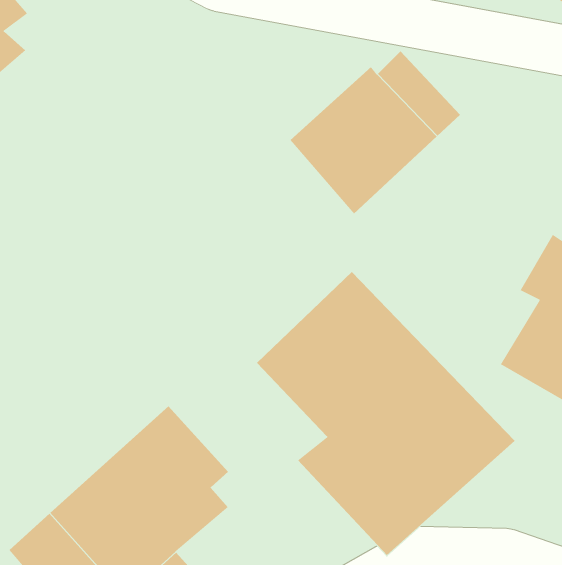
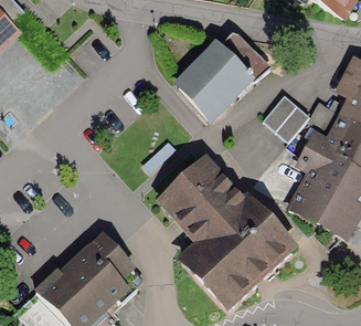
building: none -> [267,95,310,139]

